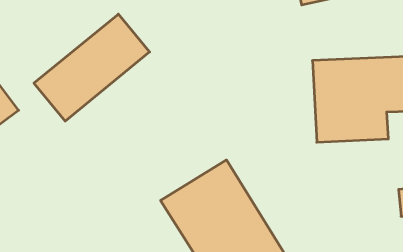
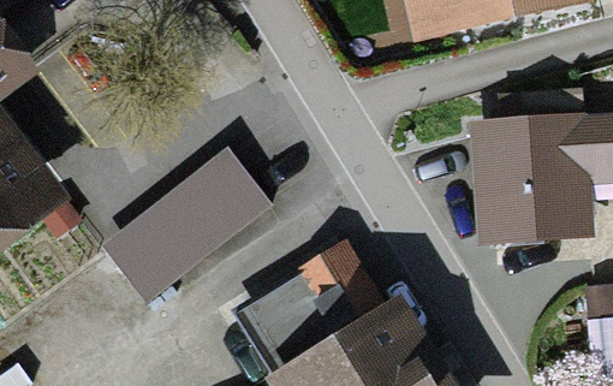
building: [34,14,150,121] -> [105,152,269,304]

